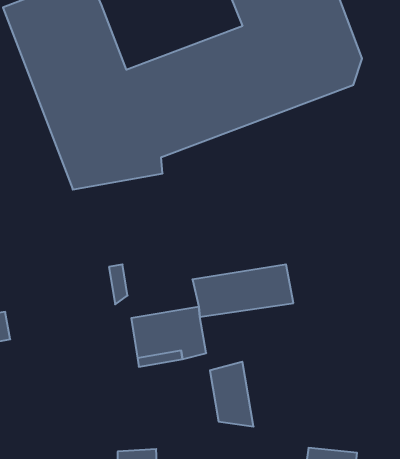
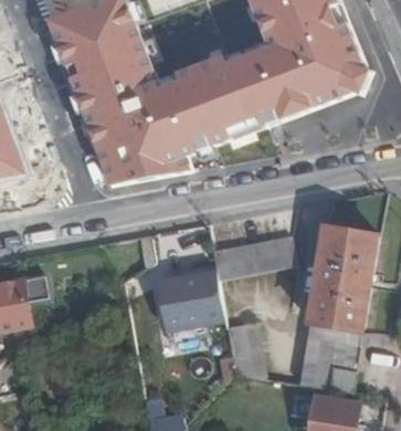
building: none -> [300,235,381,404]

